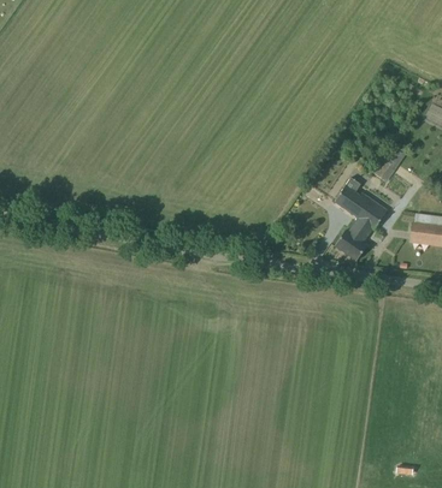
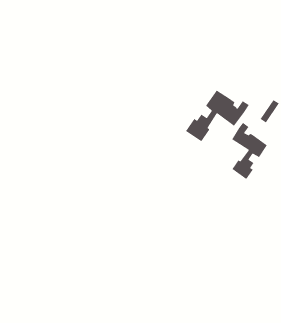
building: none -> [184,90,250,143]

